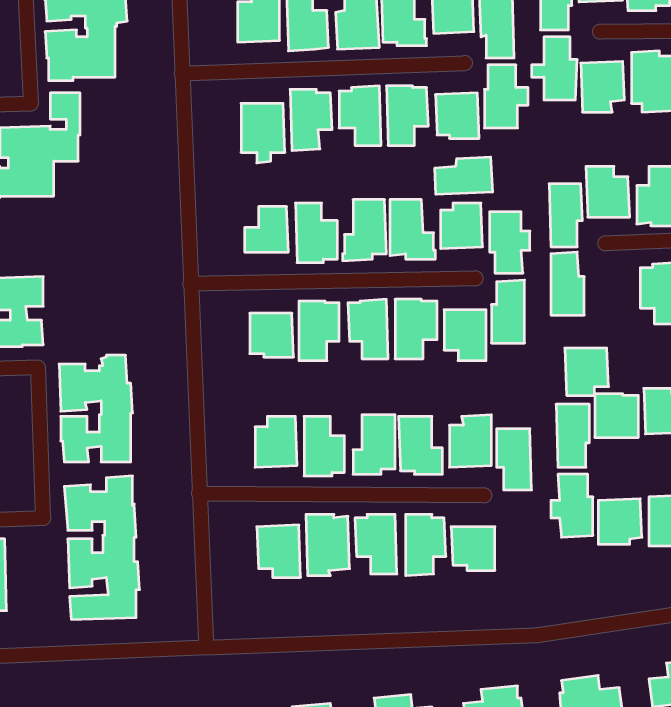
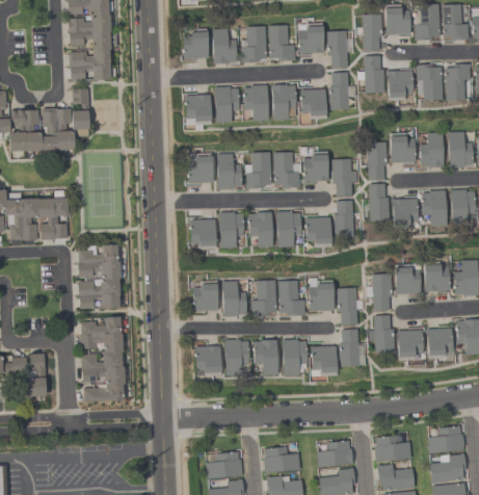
building: [435,157,493,194] -> none
building: [565,348,609,395] -> [392,199,418,227]
building: none -> [339,330,358,366]

